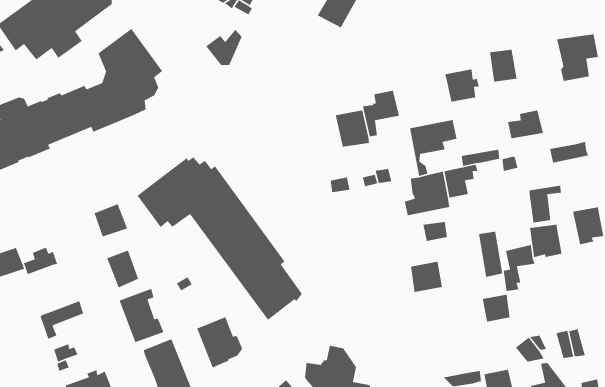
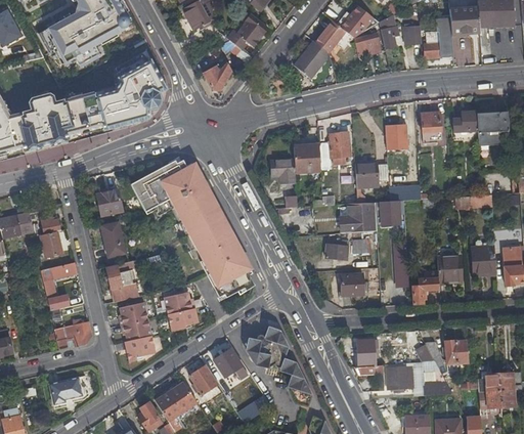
building: [507,110,544,139] -> [454,108,482,129]
building: none -> [274,158,299,181]
building: [528,185,562,224] -> none
building: none -> [323,235,348,258]
building: none -> [36,232,63,259]
building: [482,294,510,323] -> [356,338,377,358]

